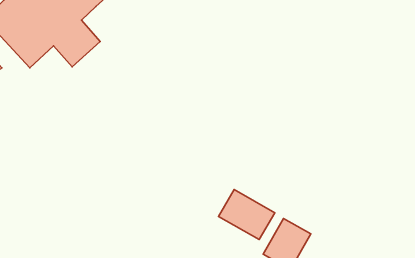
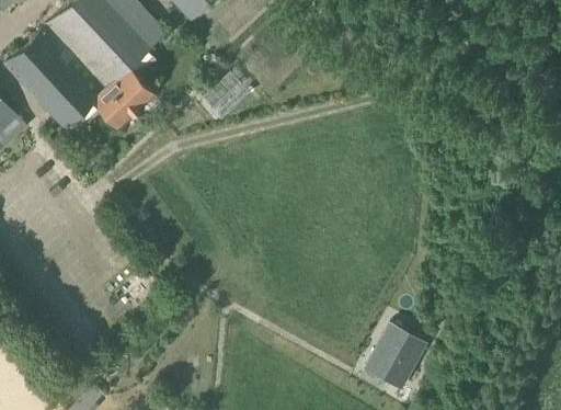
building: [219,190,275,240] -> none

